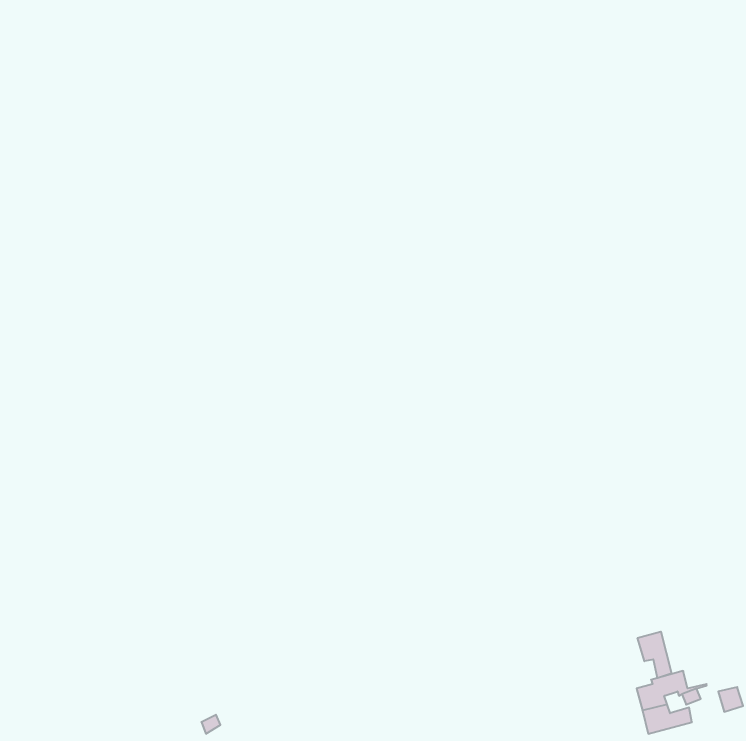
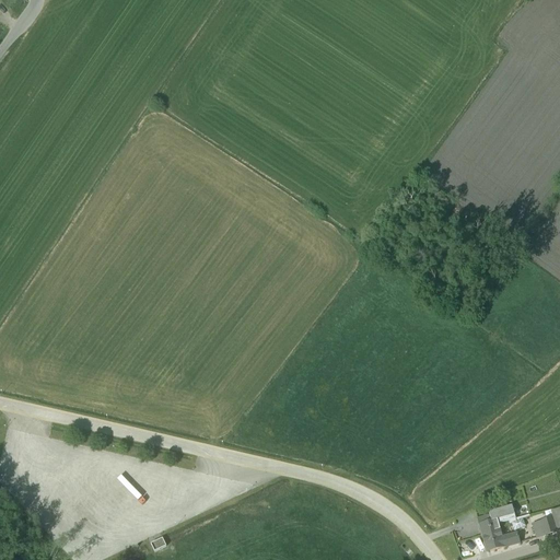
building: [638,632,672,678] -> none

